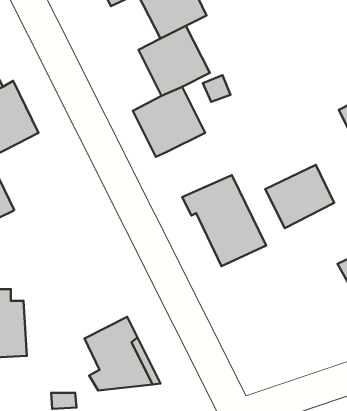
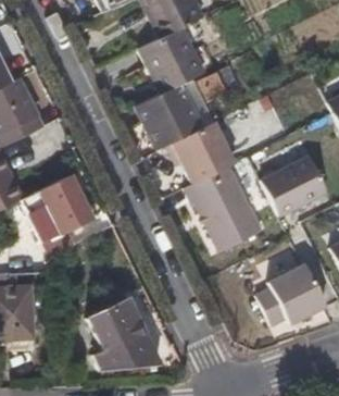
building: none -> [165,123,231,183]
building: none -> [21,175,93,243]
building: none -> [254,265,323,326]

